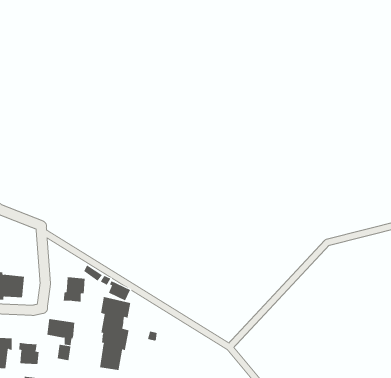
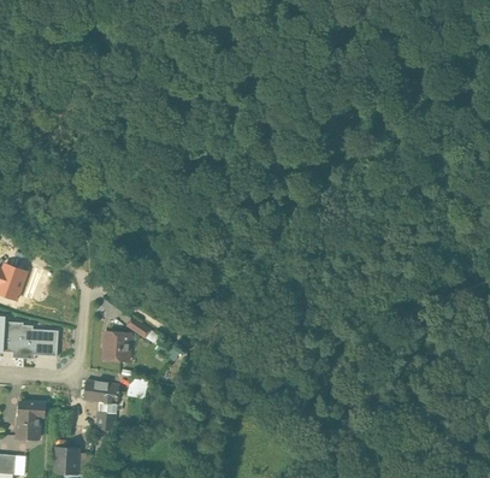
building: [99,296,131,371] -> none
building: [18,342,39,365] -> none

